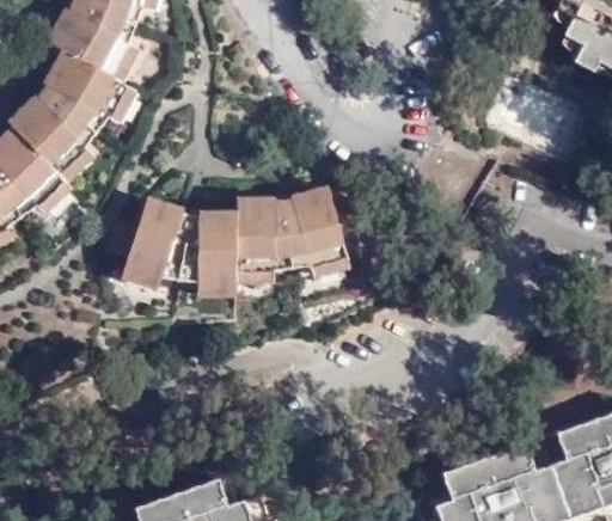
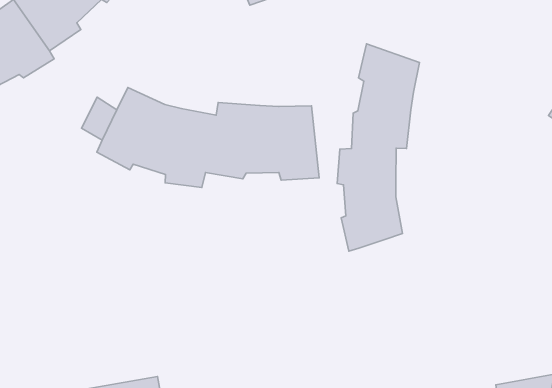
building: none -> [337,44,419,251]

